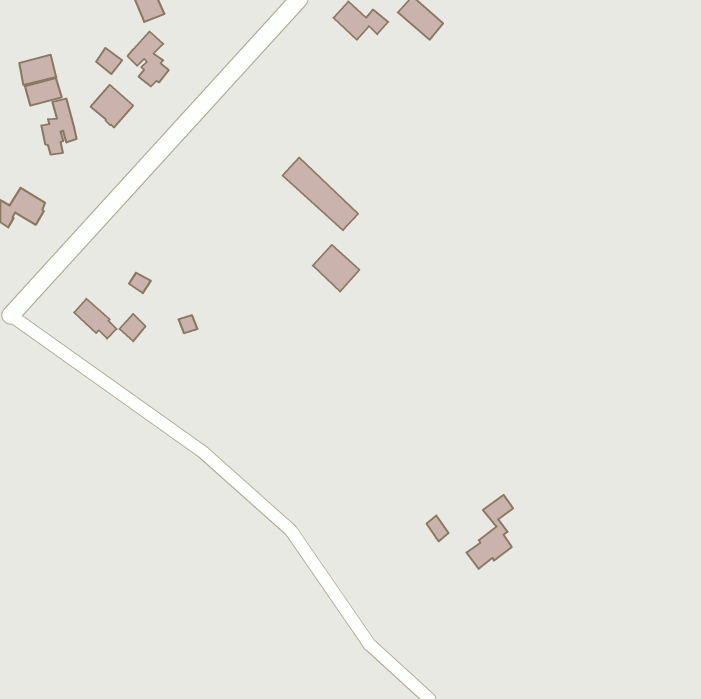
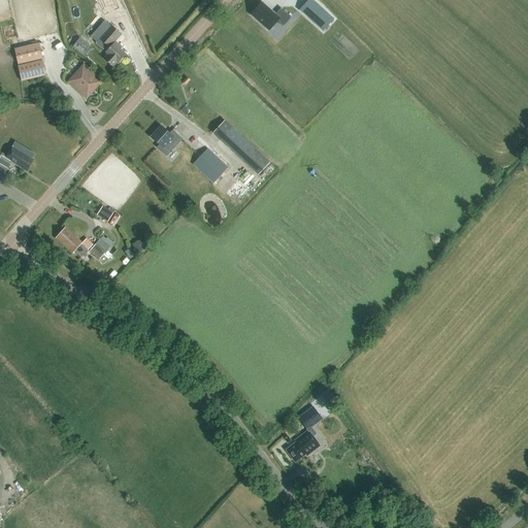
building: [41,98,76,155] -> none
building: none -> [152,125,182,155]
building: [313,245,359,292] -> [193,147,228,183]
building: [466,495,513,569] -> [286,405,321,461]

